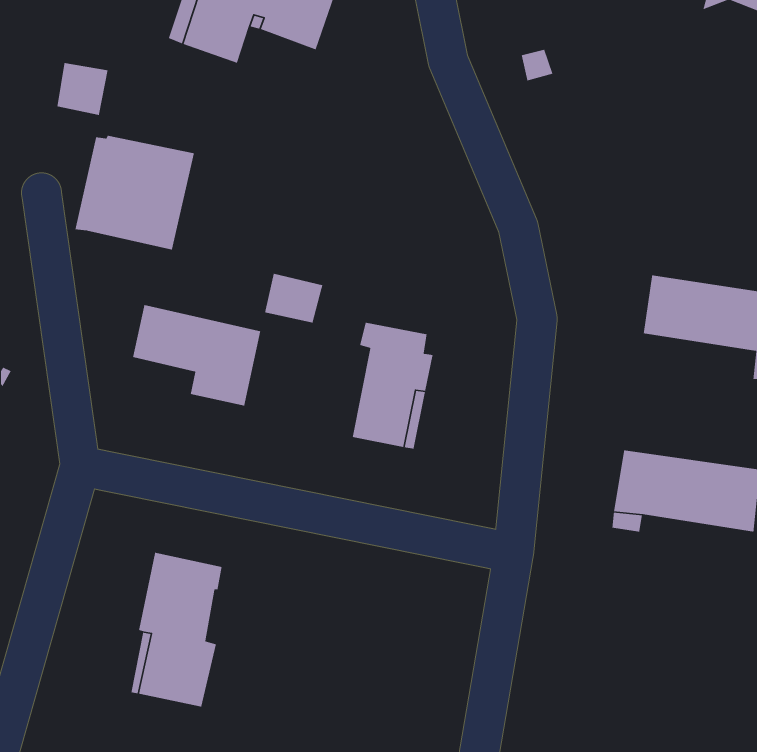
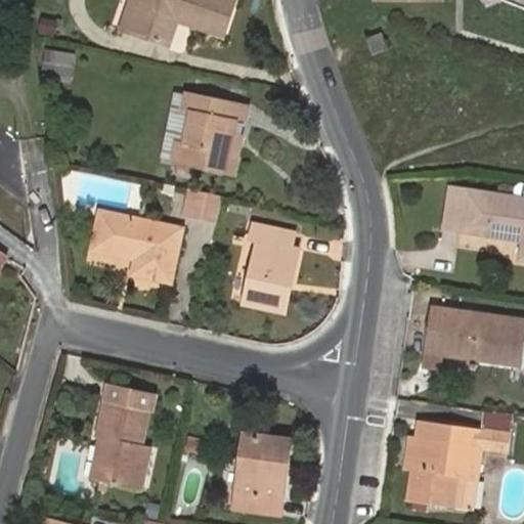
building: [75,135,195,251] -> [160,93,243,173]
building: none -> [408,421,509,508]
building: none -> [233,430,290,509]

